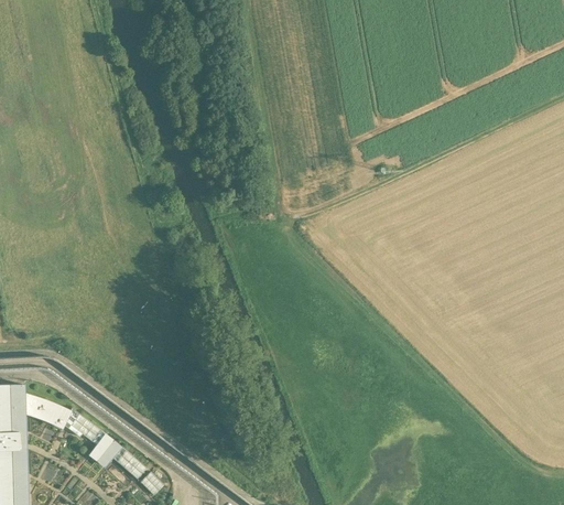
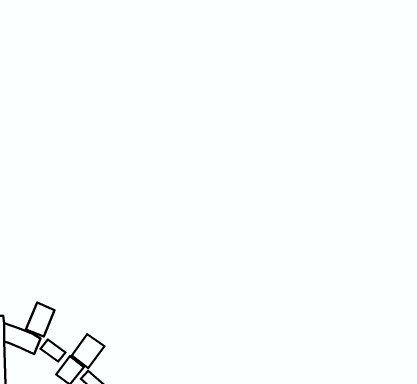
building: none -> [26,303,54,336]
building: none -> [72,334,105,368]

